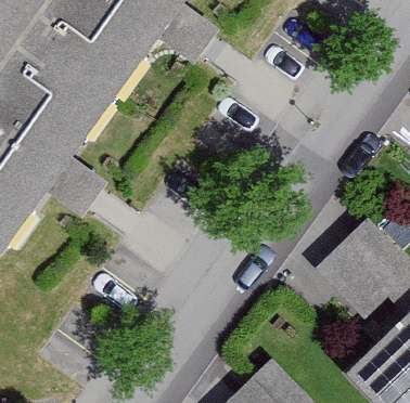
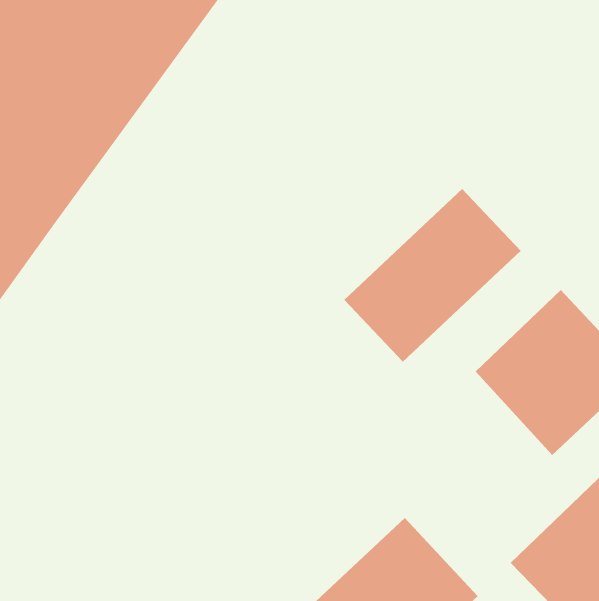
building: none -> [344,188,521,363]

